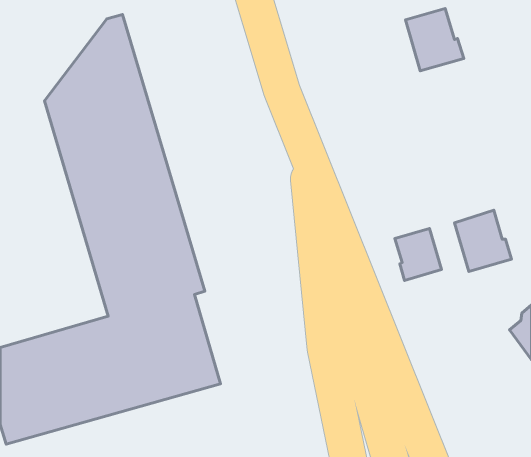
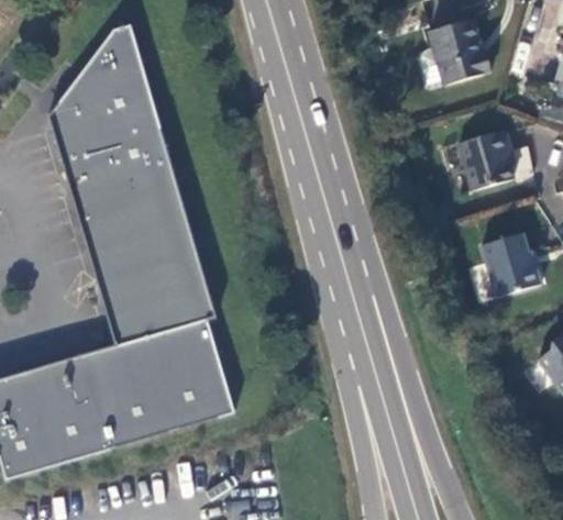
building: none -> [457,126,514,188]
building: [395,229,441,281] -> none

